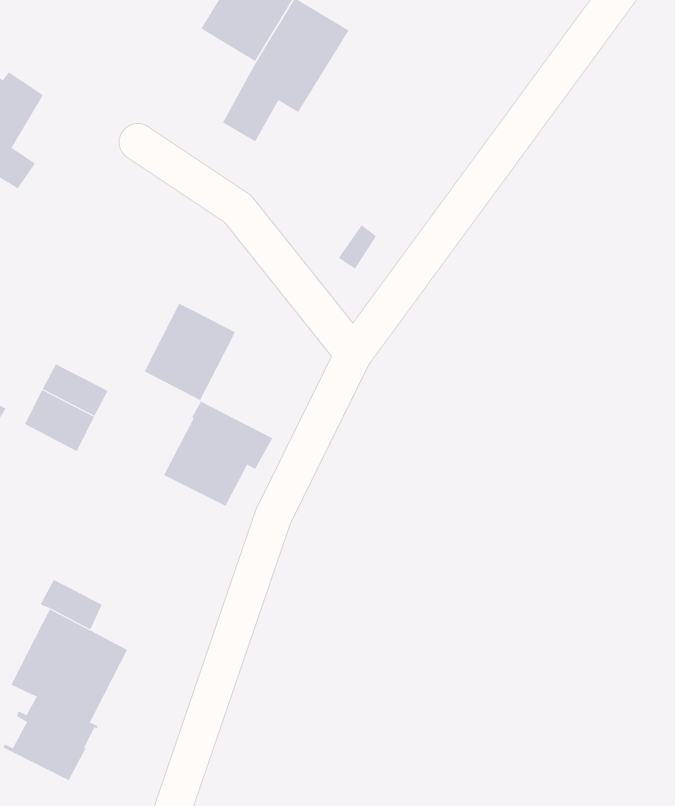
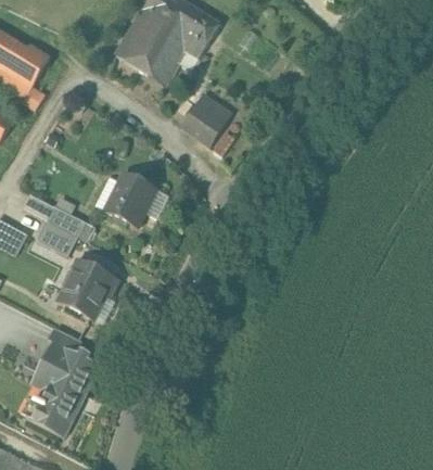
building: none -> [116,21,167,73]
building: none -> [181,91,232,144]
building: [163,401,273,507] -> [59,259,119,318]

